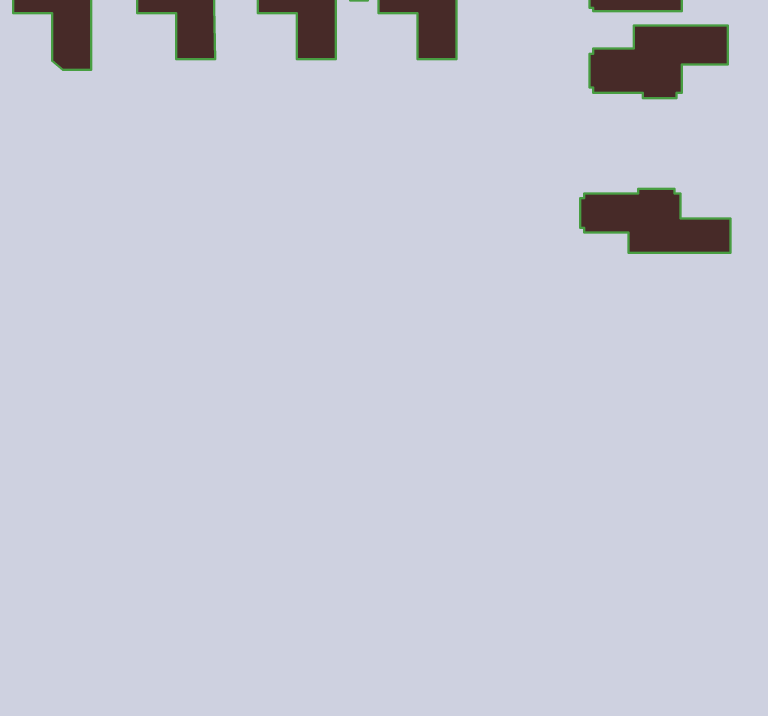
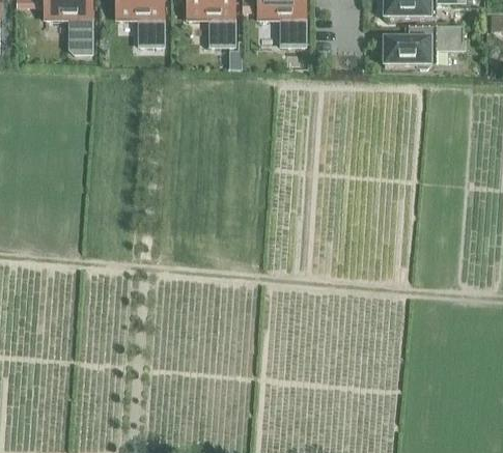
building: [580,189,731,253] -> none

